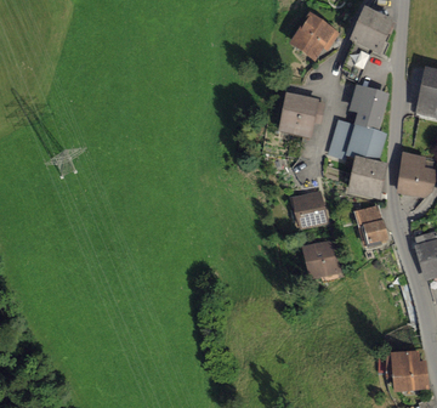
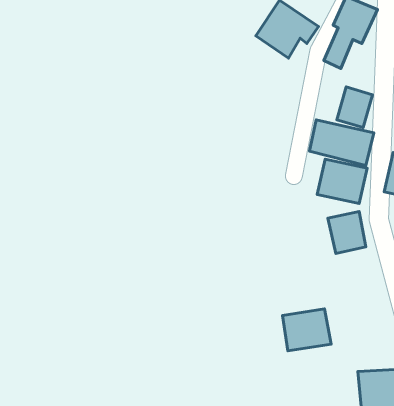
building: [265,91,322,135] -> none
building: [283,188,324,229] -> none
building: [296,238,341,277] -> [283,309,331,351]

